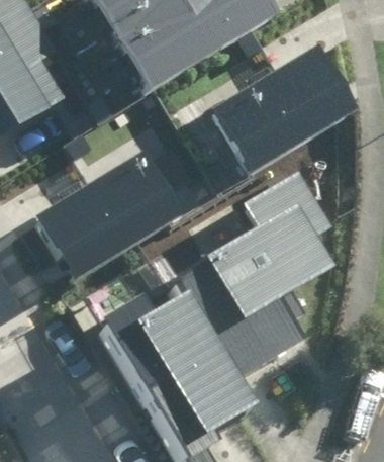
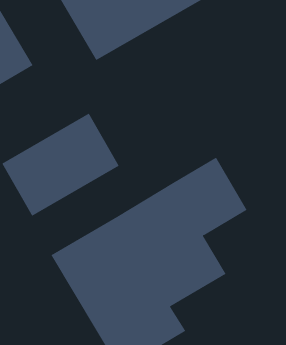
building: [209,42,352,171] -> none

